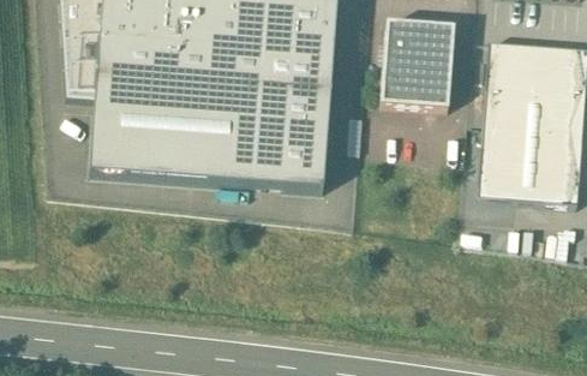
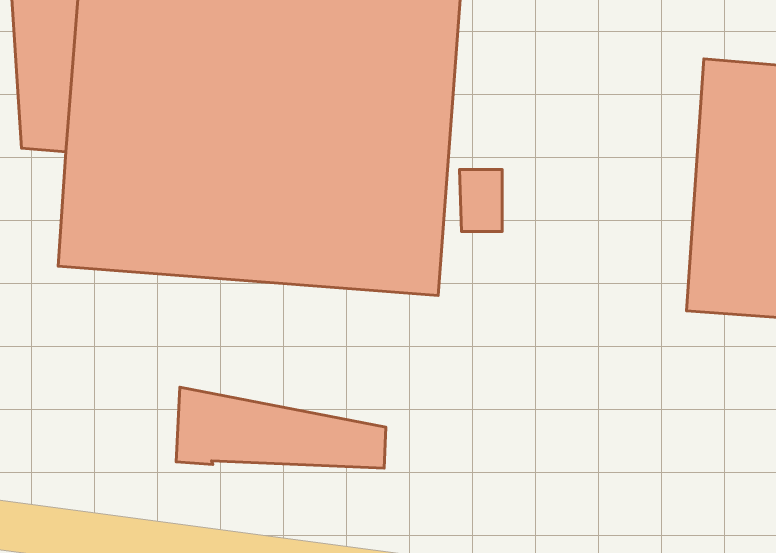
building: [383,18,457,105] -> none
building: none -> [176,387,386,468]

